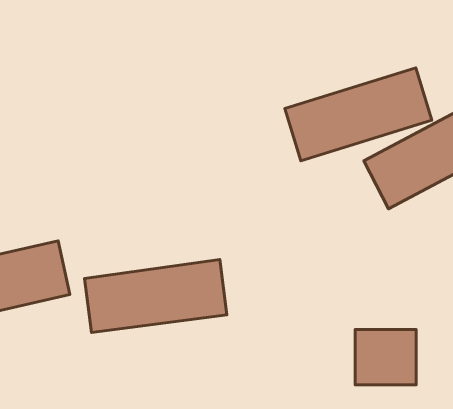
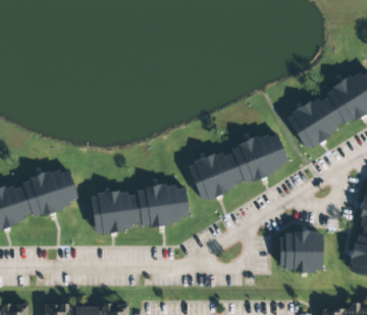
building: [285,68,432,161] -> [188,133,291,198]

